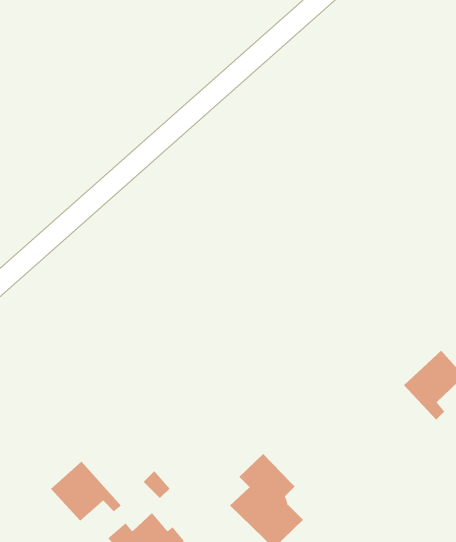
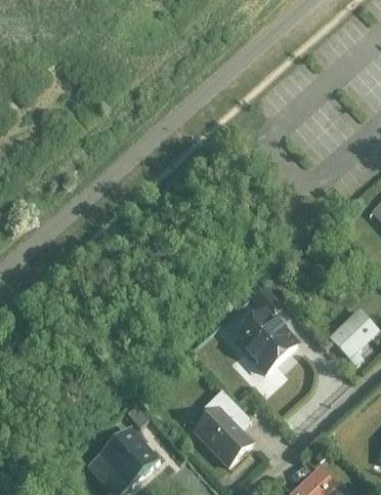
building: none -> [232,287,296,371]
building: [50,461,122,521] -> none

